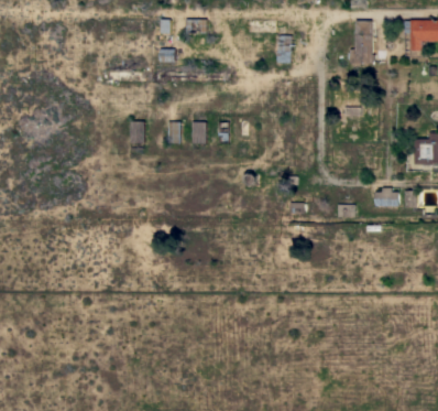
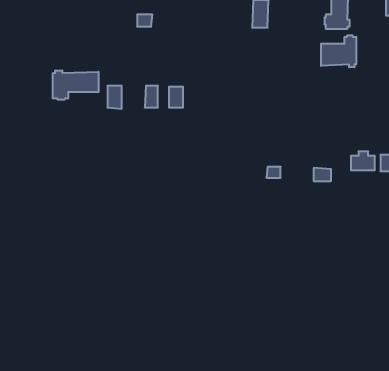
building: none -> [321,35,356,67]
building: none -> [53,70,99,100]

